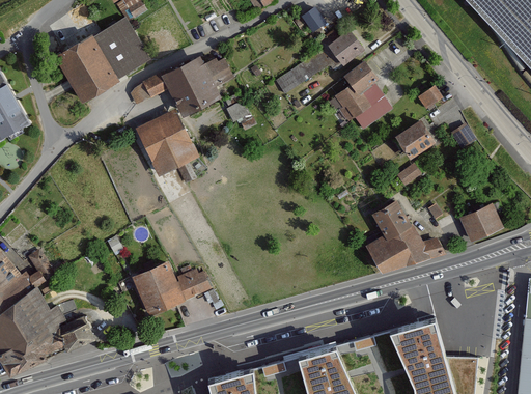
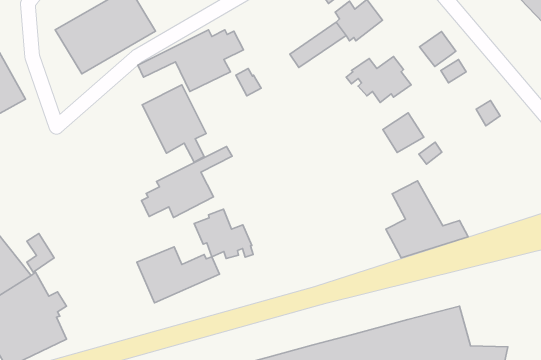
building: [343,61,378,94] -> [420,31,456,67]
building: [396,120,435,158] -> [383,113,424,153]
building: none -> [142,146,232,217]
building: [459,203,502,242] -> none
building: none -> [194,209,253,259]
building: [56,316,93,349] -> none

